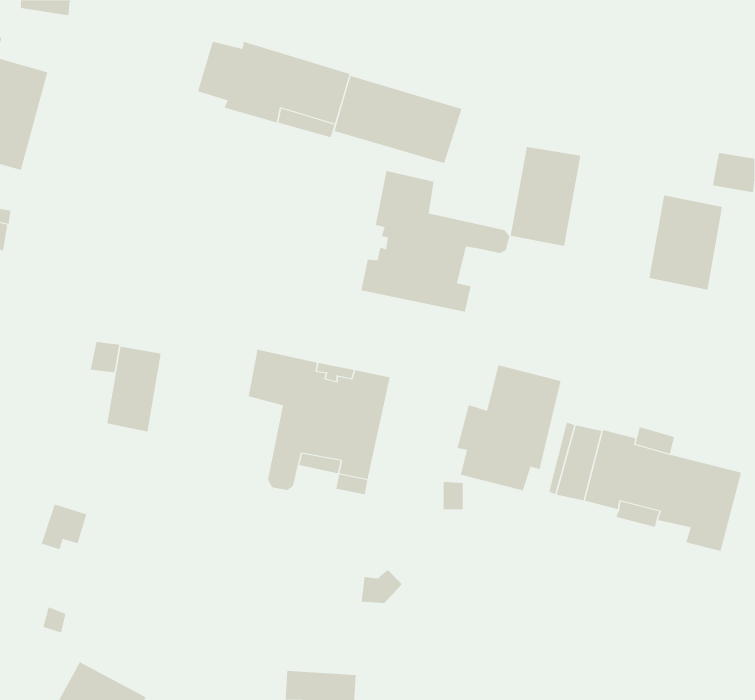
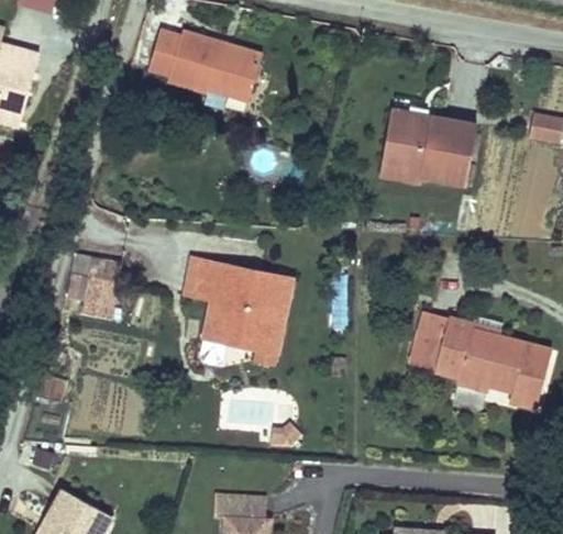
building: [334,75,462,164] -> none
building: [361,170,510,312] -> none
building: [648,195,723,290] -> [421,115,476,186]
building: [457,364,561,491] -> none

